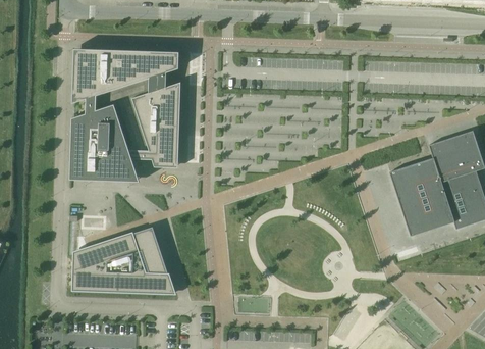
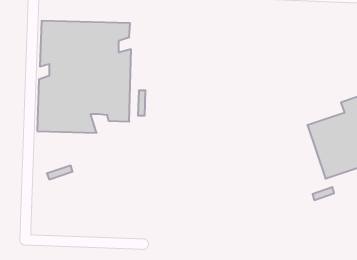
building: [71,226,176,294] -> none

